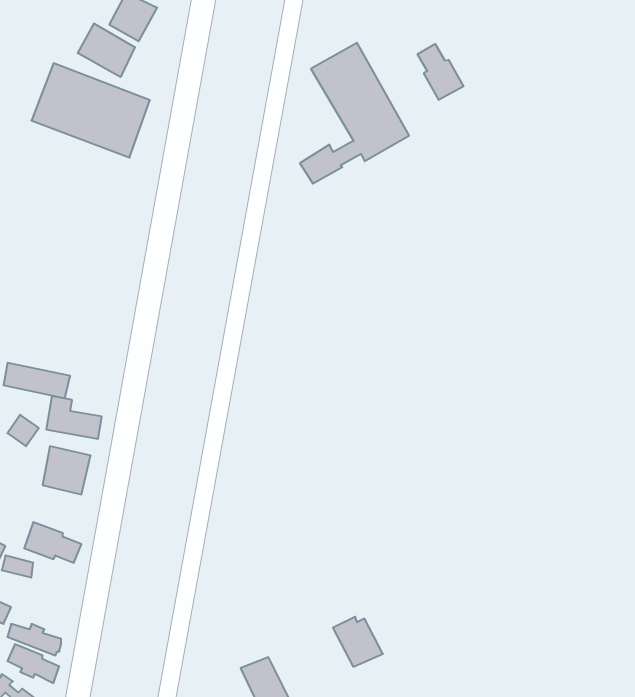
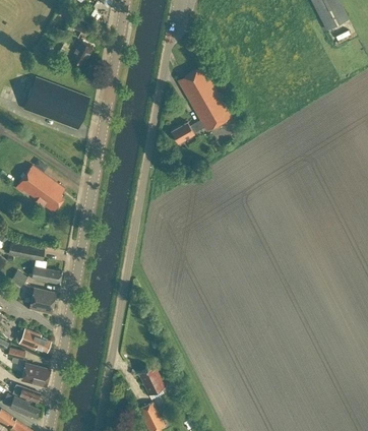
building: [78,23,135,77] -> none
building: [418,44,464,100] -> none
building: none -> [15,165,65,212]
building: none -> [21,363,51,387]
building: [333,617,383,667] -> [138,367,166,394]

